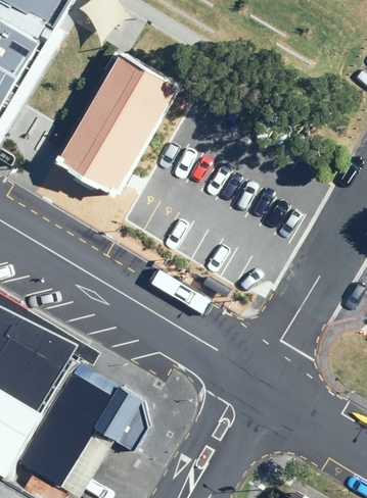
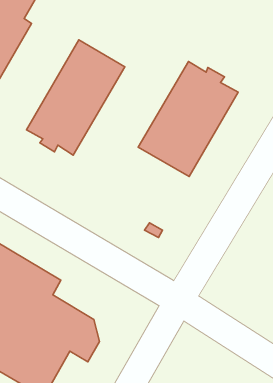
building: none -> [138,61,238,177]

